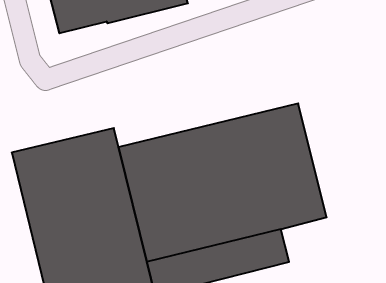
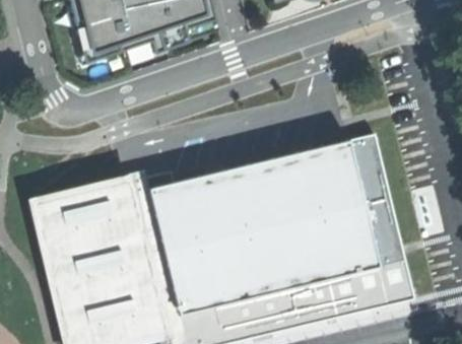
building: none -> [328,134,414,318]

